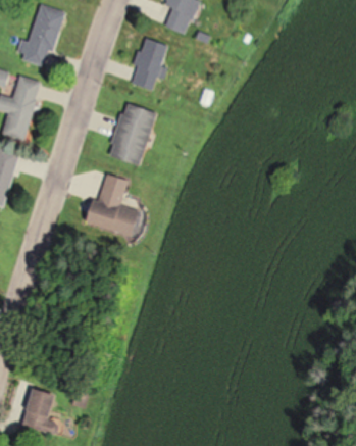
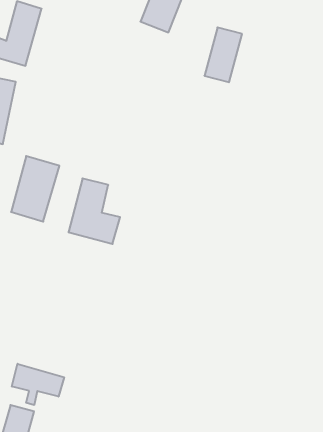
building: [131,38,166,90] -> [204,27,242,82]
building: [109,102,155,164] -> [11,156,59,222]
building: none -> [12,364,64,405]

